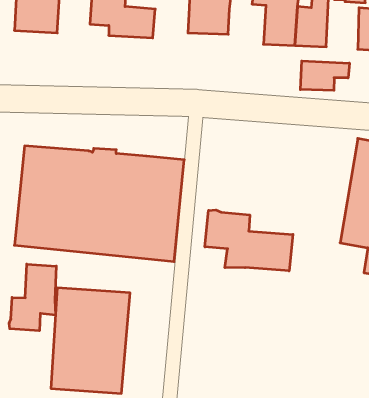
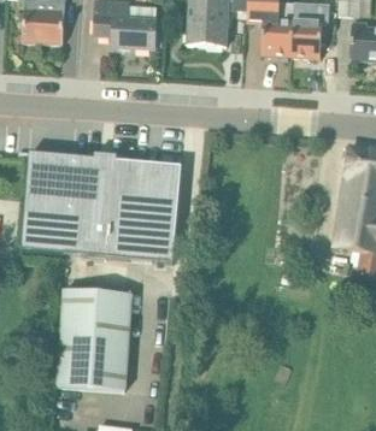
building: [300,61,349,90] -> none
building: [205,210,293,271] -> none
building: [9,264,56,331] -> none

